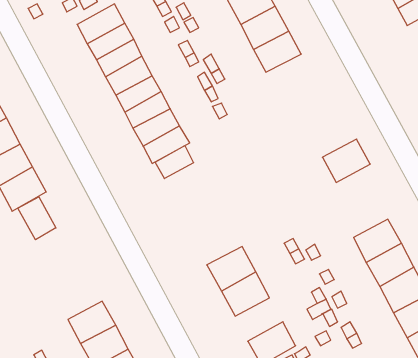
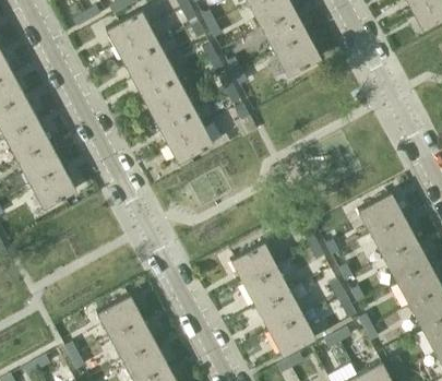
building: [322,139,370,182] -> [359,193,405,235]
building: [155,146,194,179] -> none
building: [18,197,56,240] -> none
building: none -> [259,293,304,334]

